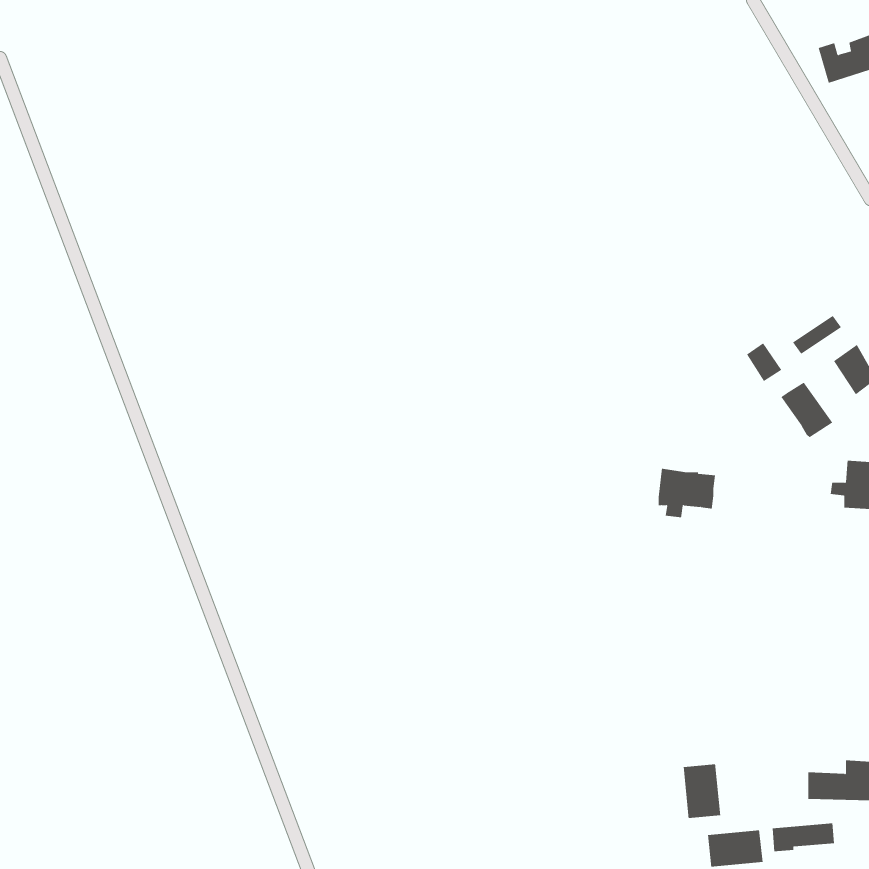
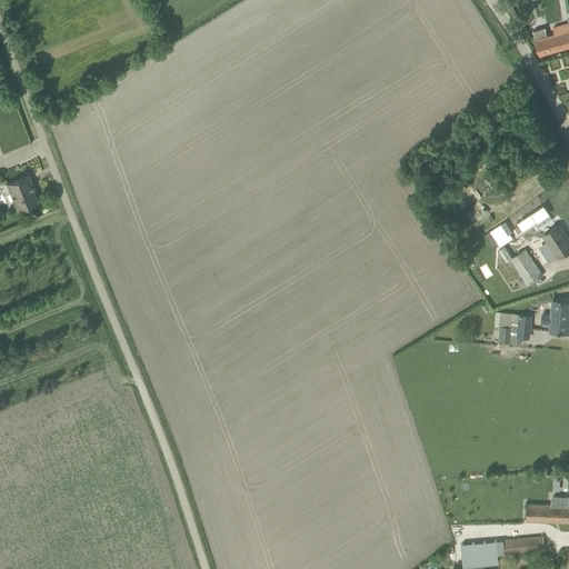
building: none -> [8,177,37,210]
building: [658,468,716,518] -> [495,312,532,345]
building: [683,763,721,819] -> none

